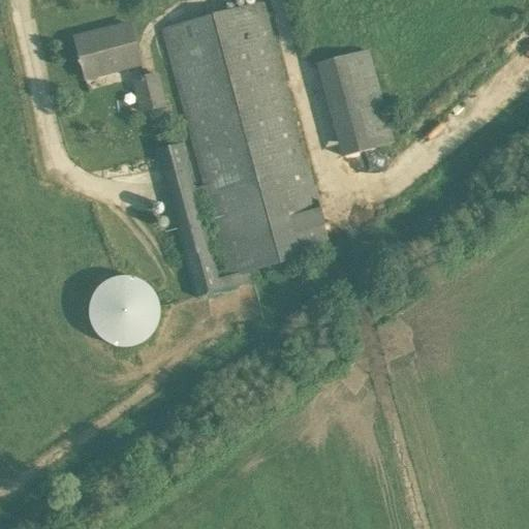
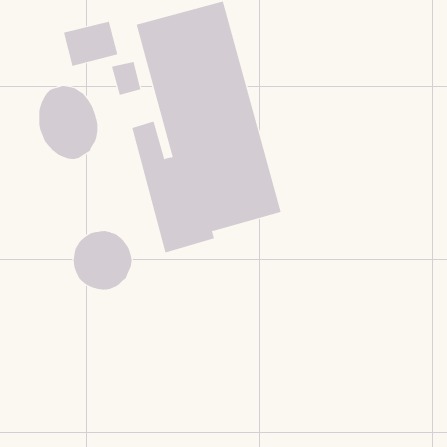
building: [316,46,395,155] -> none
building: none -> [39,85,98,160]

